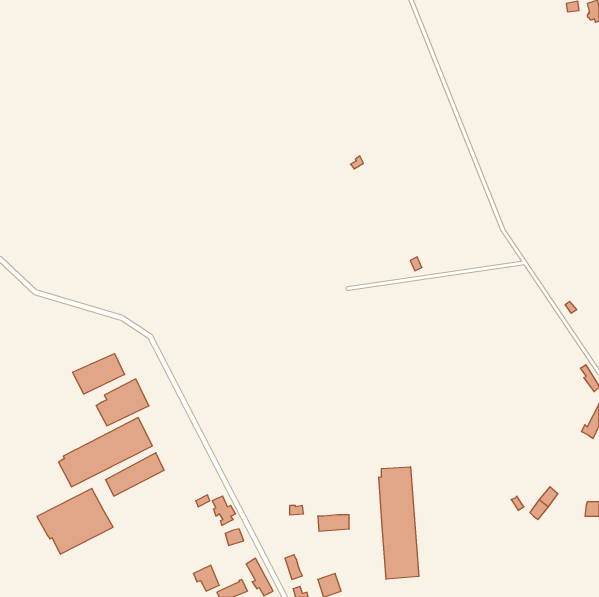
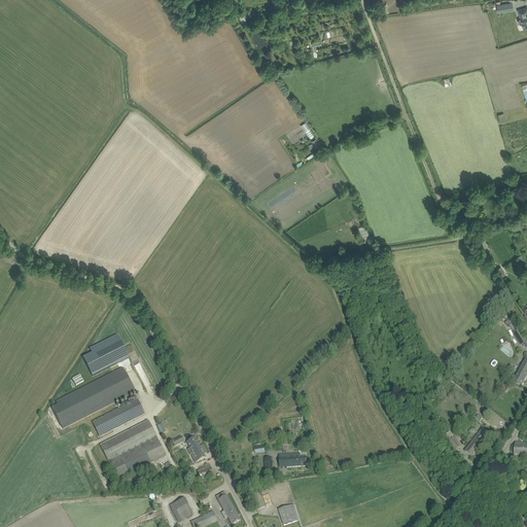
building: [73,354,125,394] -> none
building: [379,467,419,579] -> none
building: [37,488,113,554] -> [99,419,166,477]

